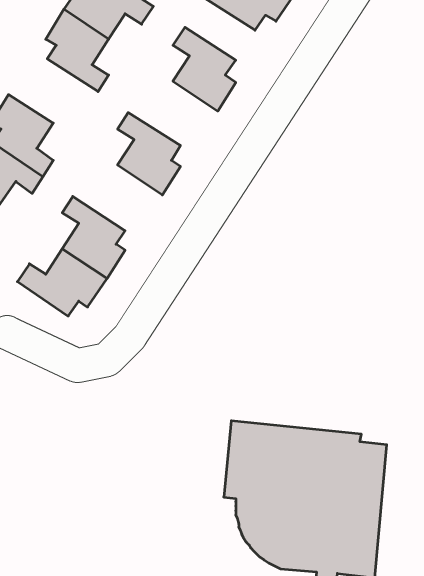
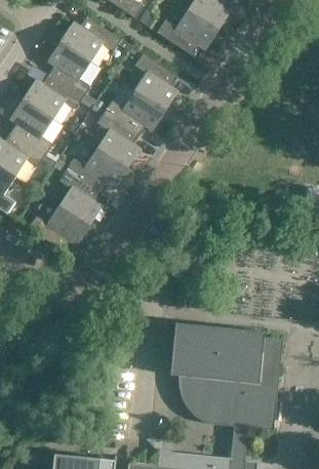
building: none -> [23,74,84,118]
building: none -> [105,89,166,133]
building: none -> [67,147,128,192]

